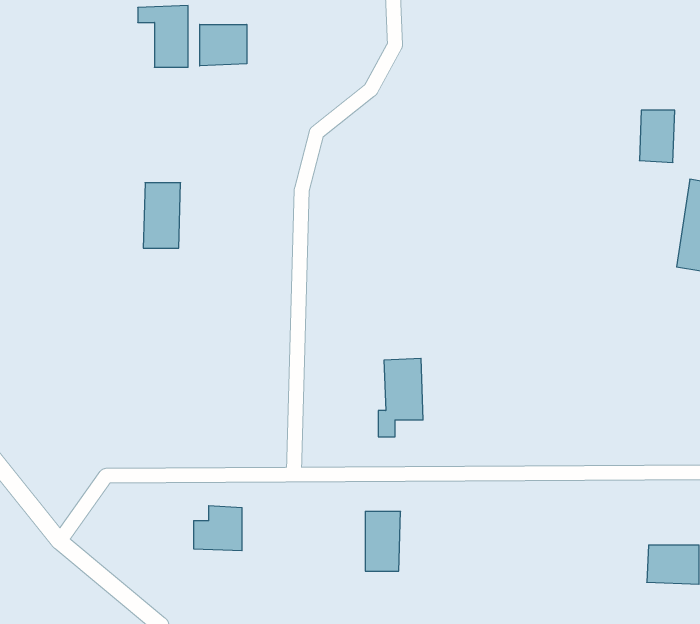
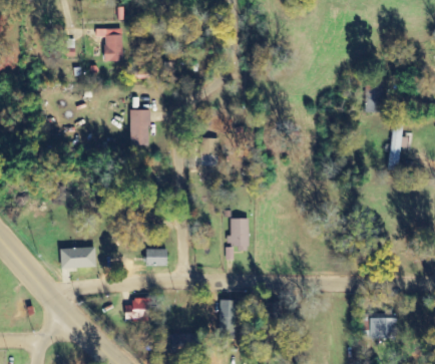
building: [200,24,247,66] -> none
building: [143,183,181,248] -> [129,109,149,144]
building: none -> [60,247,96,268]
building: none -> [146,248,168,266]

